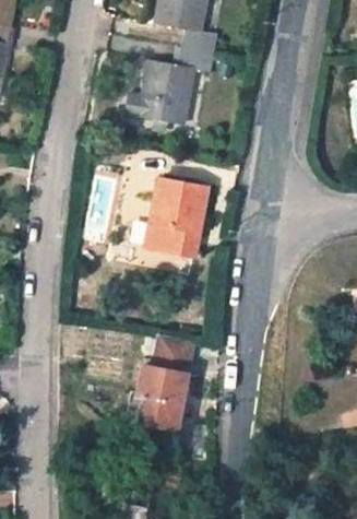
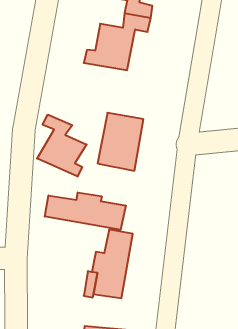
building: none -> [37,115,87,177]
building: none -> [45,192,126,230]

